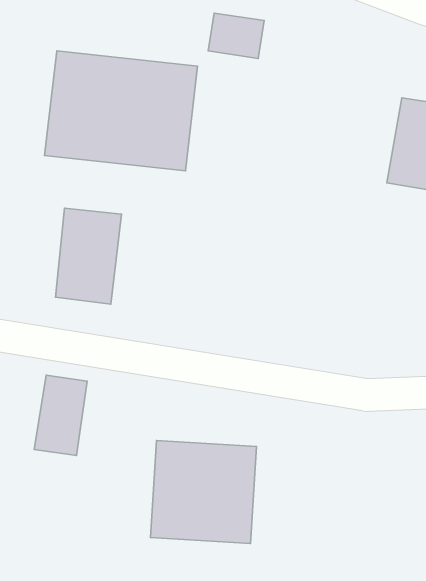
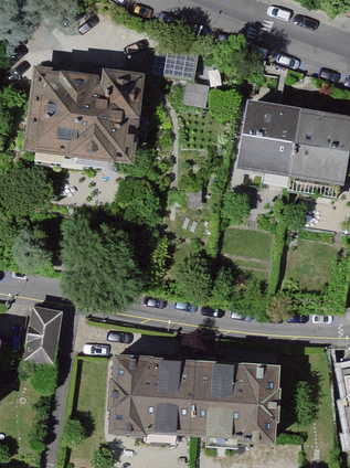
building: none -> [234,99,298,170]
building: [56,208,121,304] -> none
building: none -> [188,362,279,438]

